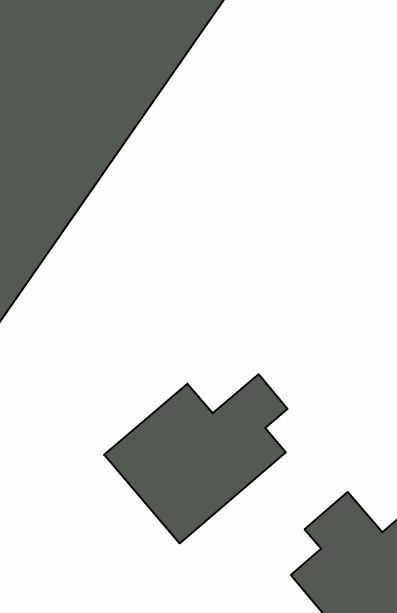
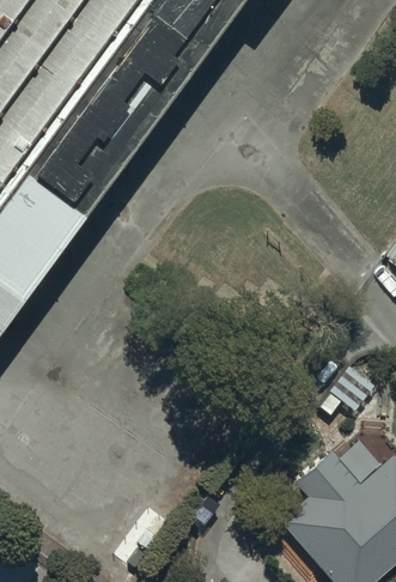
building: [104,374,288,543] -> none

